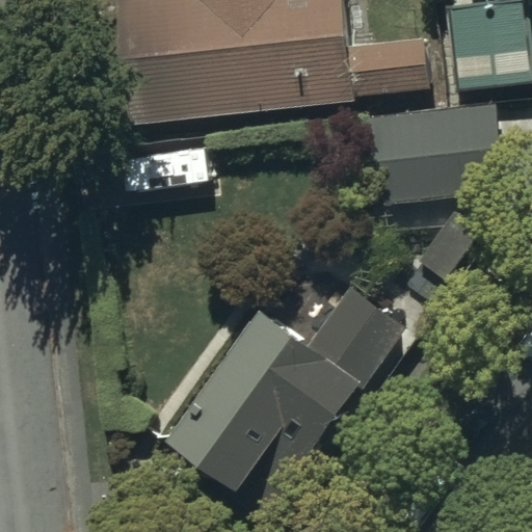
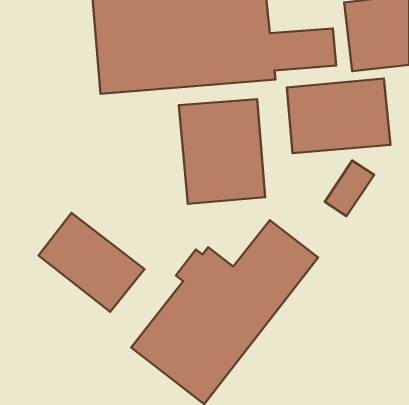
building: none -> [179,99,265,204]
building: none -> [39,213,144,312]

